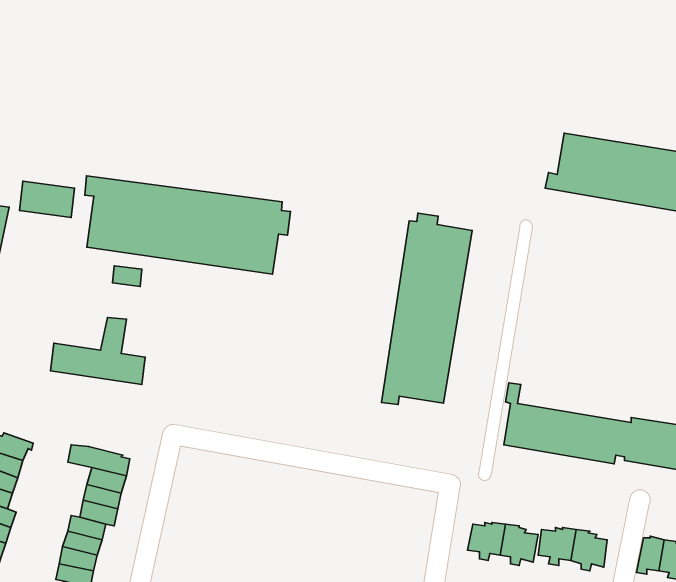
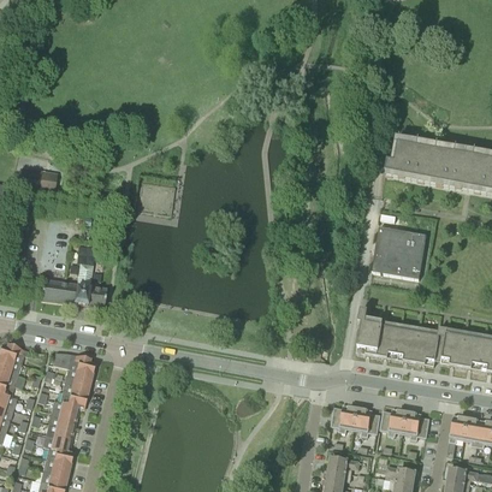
building: [85,176,290,274] -> none
building: [381,213,472,404] -> none
building: none -> [372,226,426,278]

